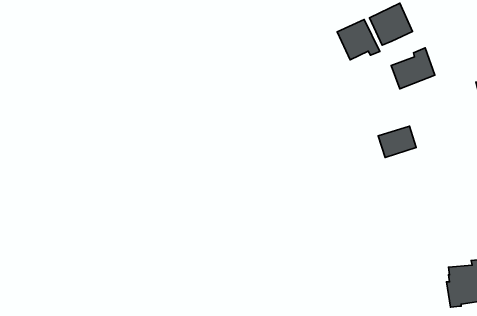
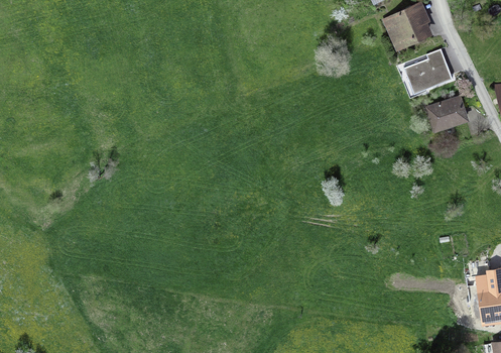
building: [337,19,380,60] -> none
building: [378,126,416,157] -> [428,97,468,129]

